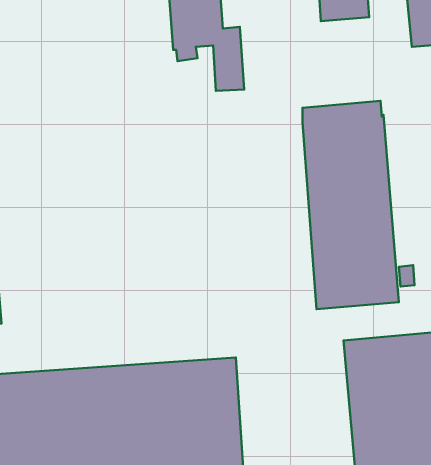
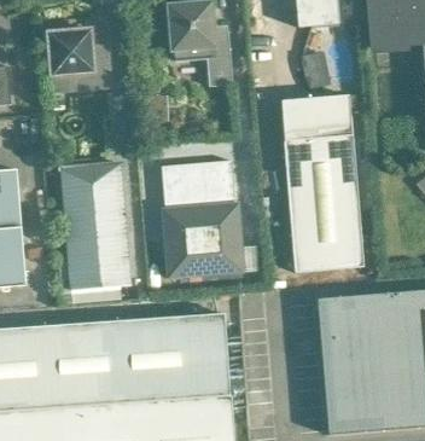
building: none -> [48,25,110,91]
building: none -> [161,159,243,277]
building: none -> [59,161,130,290]

